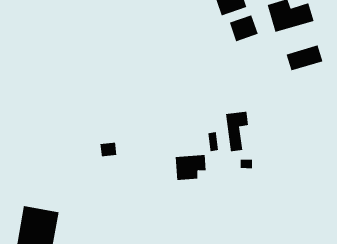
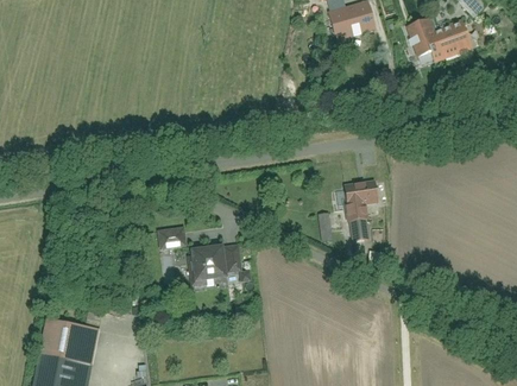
building: [229,14,259,42] -> none
building: [286,45,323,71] -> none
building: [175,154,206,180] -> [194,243,240,281]

